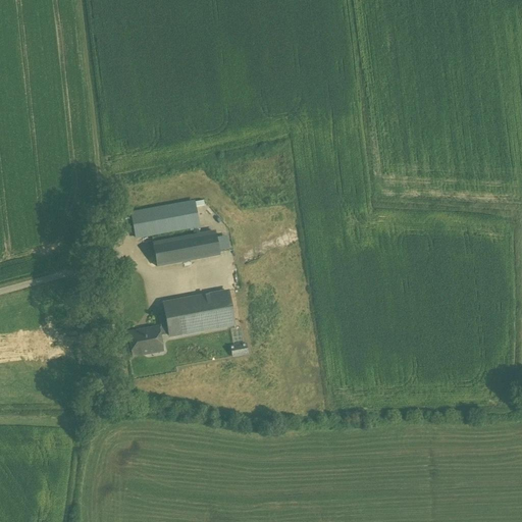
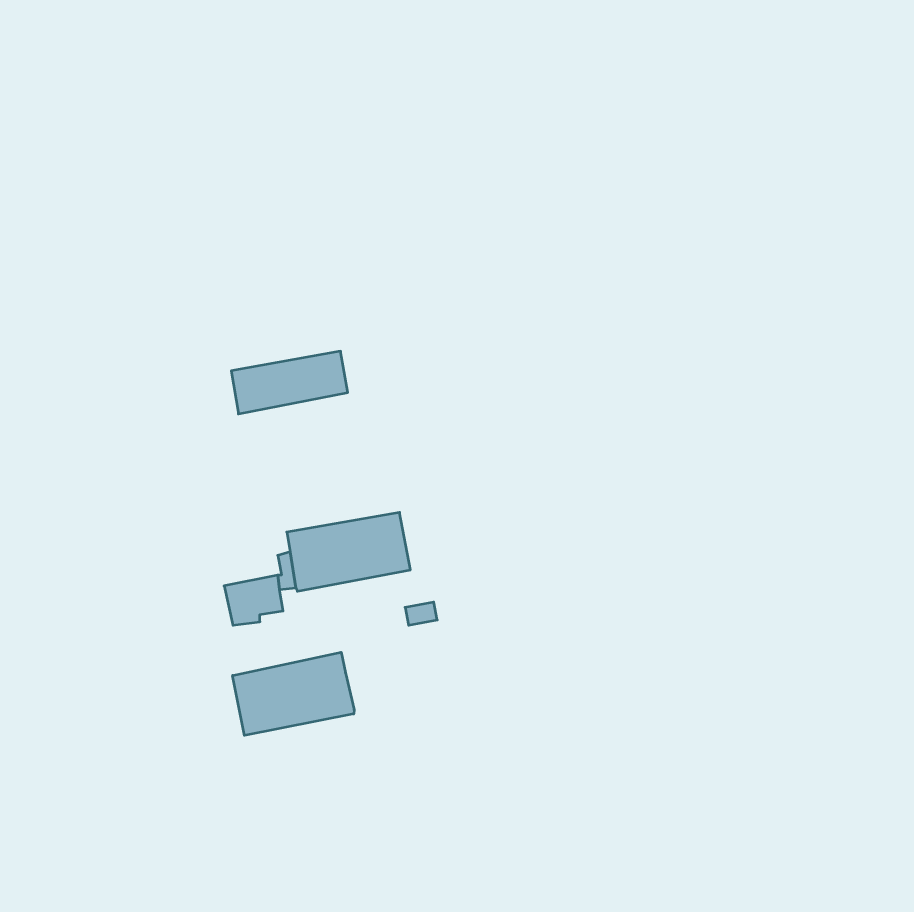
building: [153,230,221,264] -> none
building: none -> [233,652,354,735]

